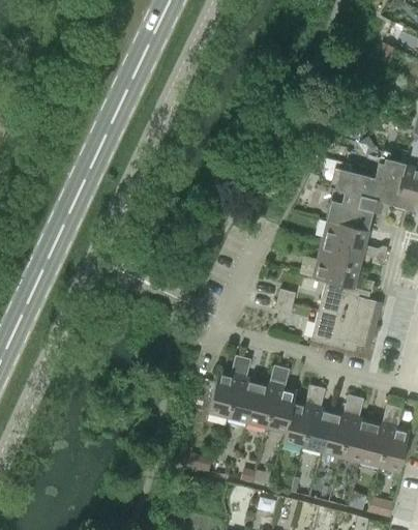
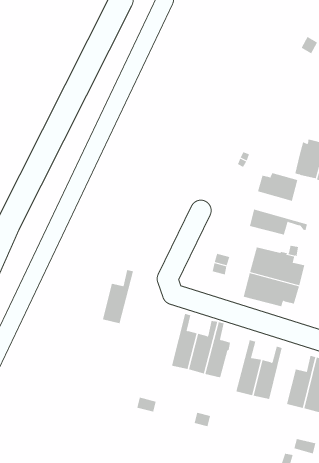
building: [335,169,376,206] -> none
building: [323,219,387,257] -> none
building: [312,259,358,289] -> none
building: [208,356,244,418] -> [102,269,134,324]
building: [282,386,318,447] -> none
building: [341,398,370,462] -> none

